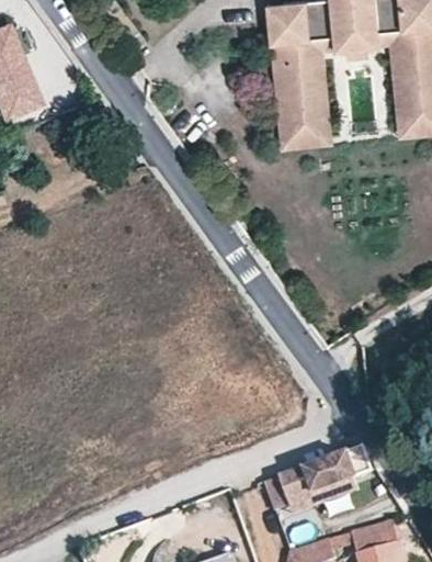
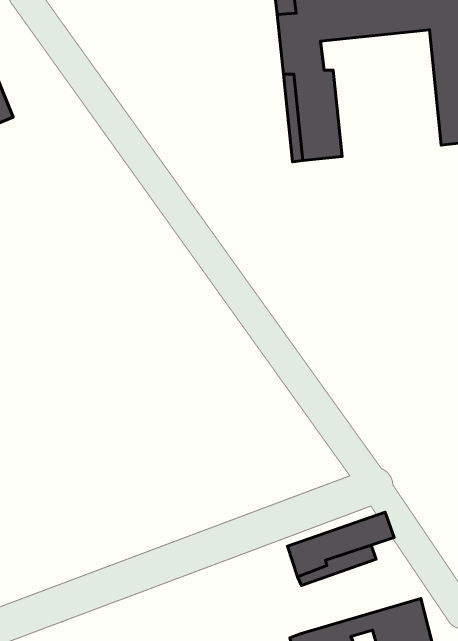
building: [306,30,410,139] -> none

